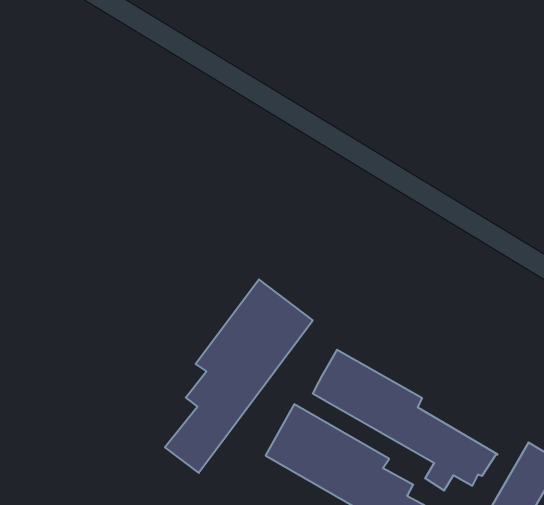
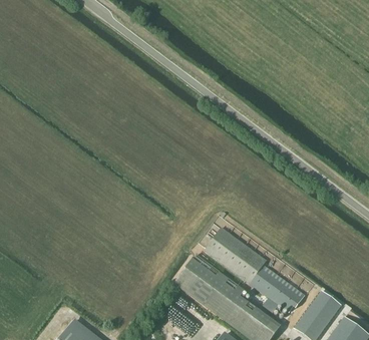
building: [165,279,313,473] -> none

